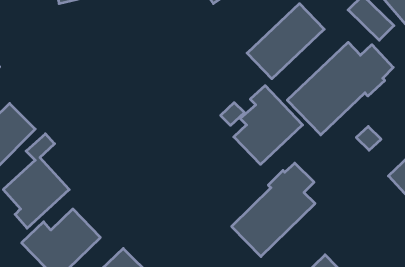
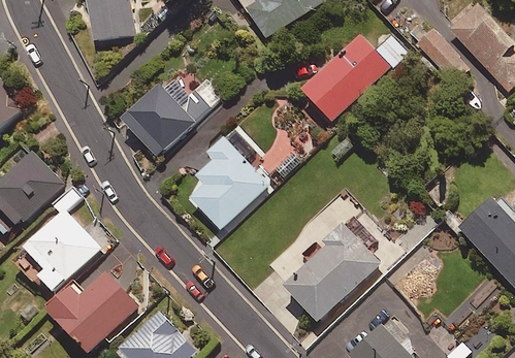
building: none -> [123,77,222,157]
building: [287,42,393,135] -> none
building: [234,86,303,164] -> [189,140,266,229]

